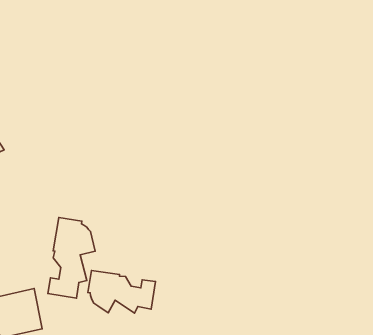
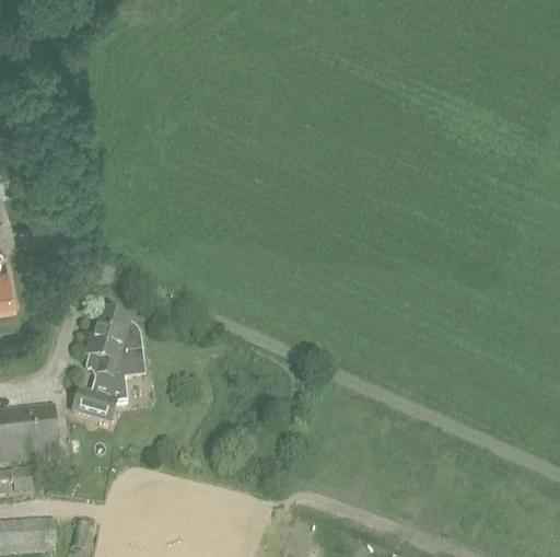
building: [88,270,156,313] -> none

